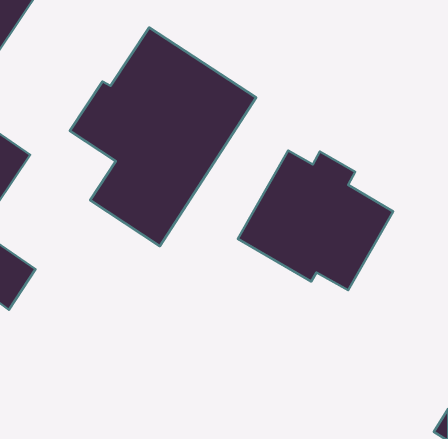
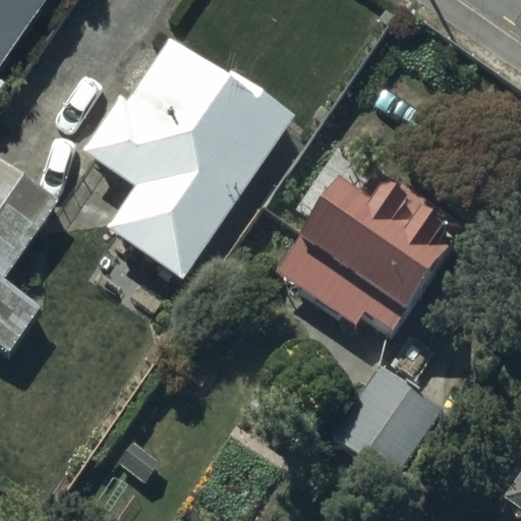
building: none -> [330,357,460,485]

